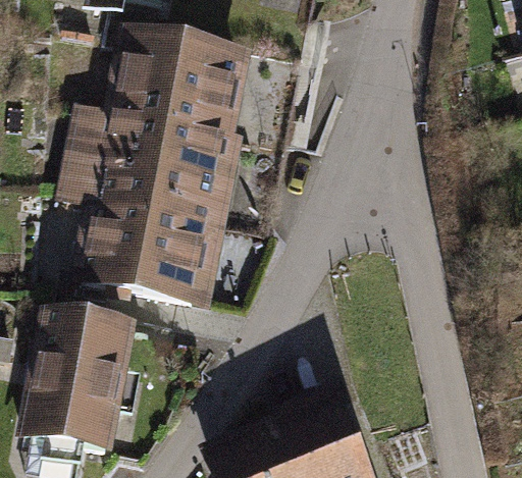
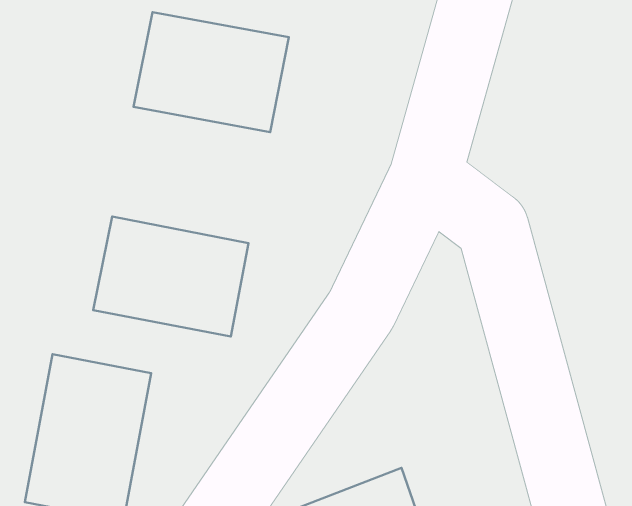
building: [68,106,228,222] -> none

